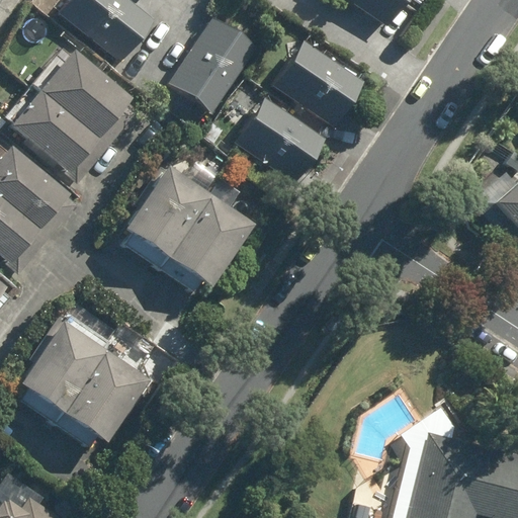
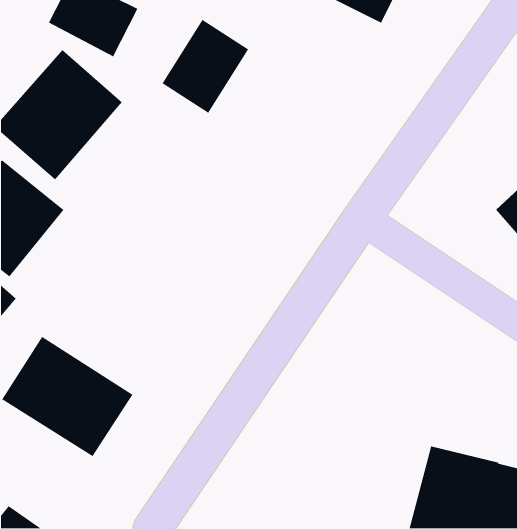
building: [274,39,362,119] -> none
building: [238,104,326,184] -> none
building: [119,166,253,290] -> none

